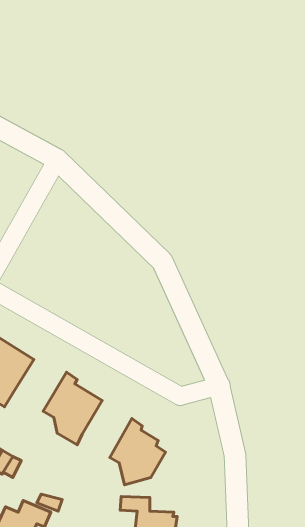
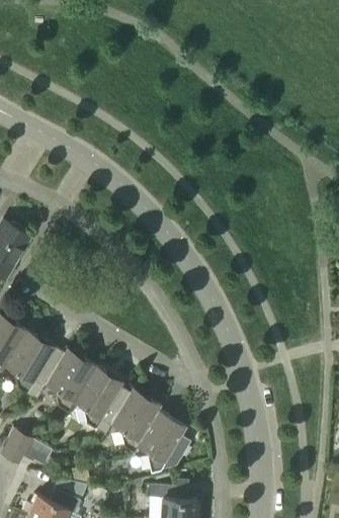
building: none -> [44,351,95,410]
building: none -> [110,391,161,449]

